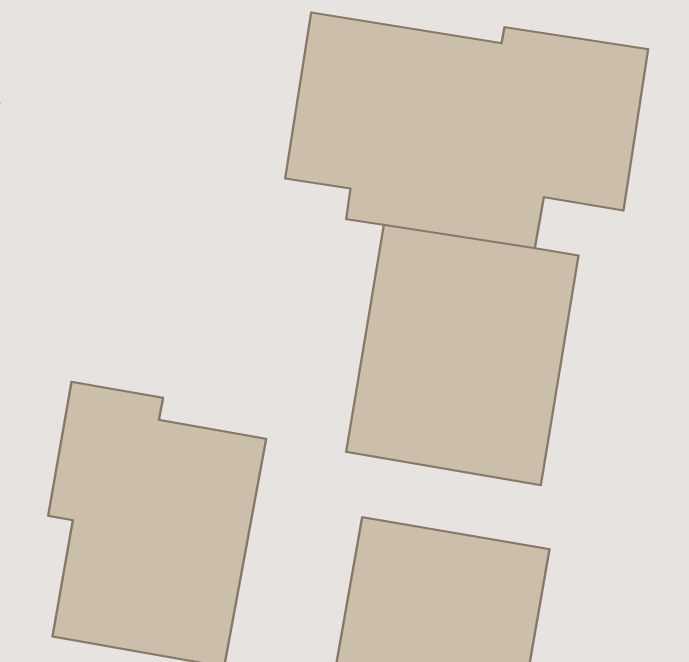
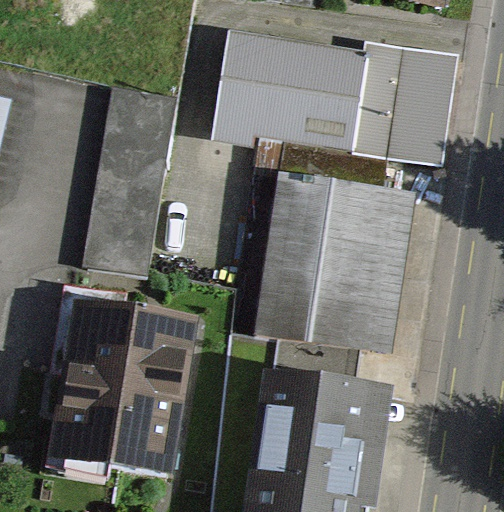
building: none -> [79,83,174,275]

